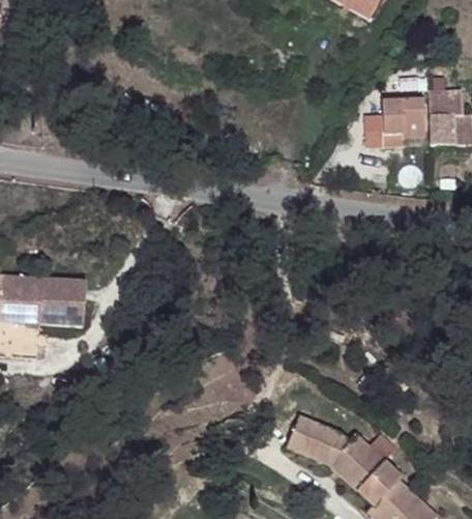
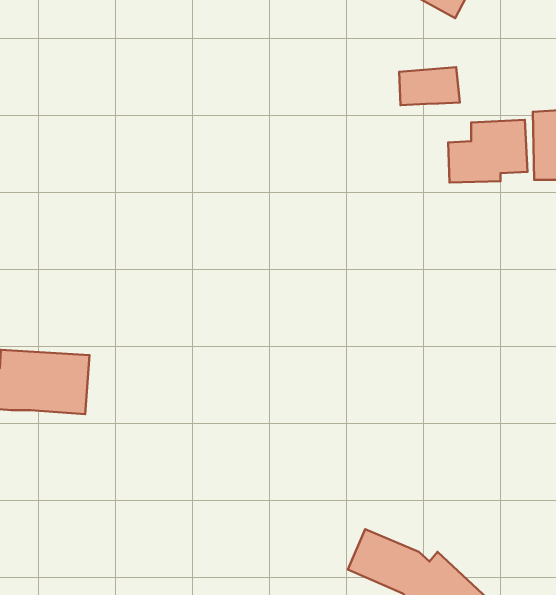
building: none -> [399,67,460,105]

